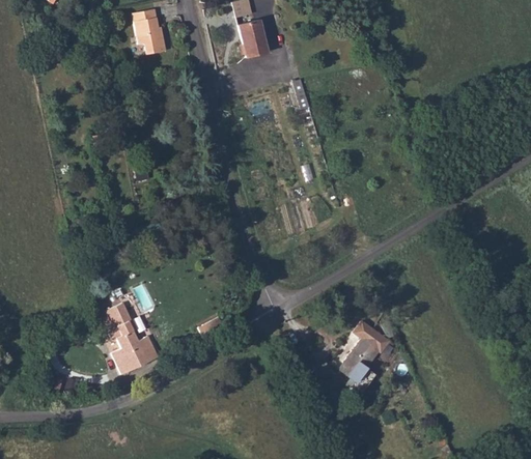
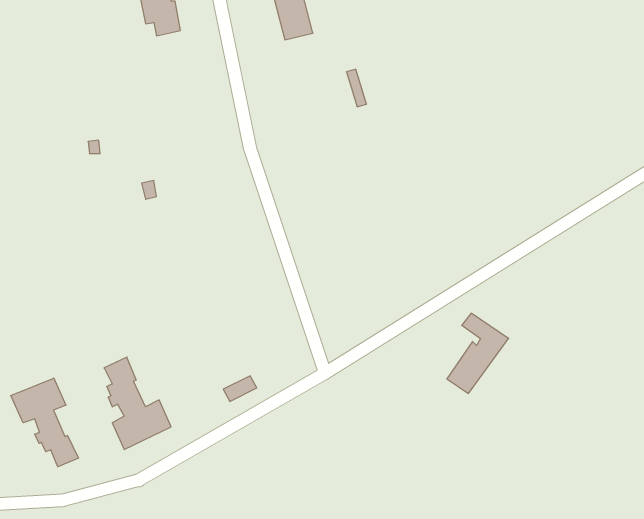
building: none -> [11,378,78,467]
building: [340,321,388,383] -> [447,313,509,394]

